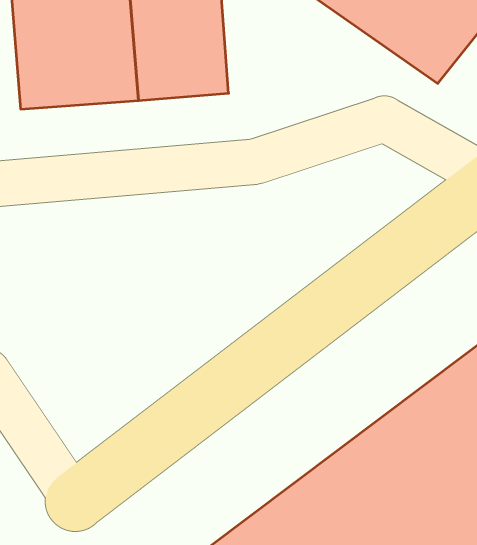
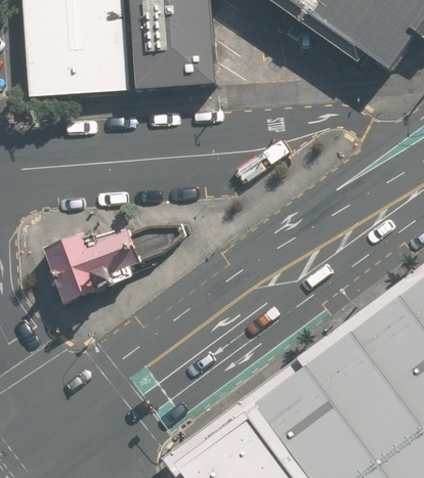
building: none -> [49,222,144,296]

